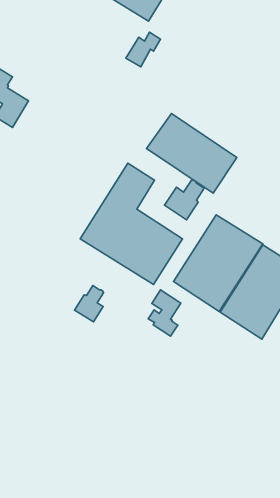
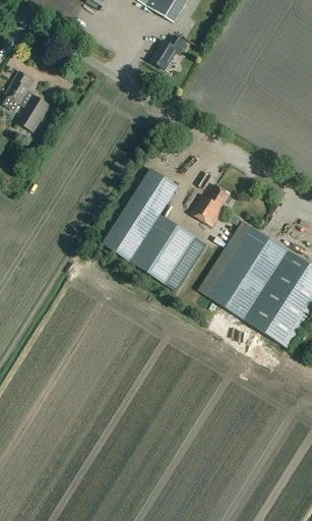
building: [146,113,237,193] -> none
building: [75,285,103,322] -> none
building: [148,290,181,336] -> none

